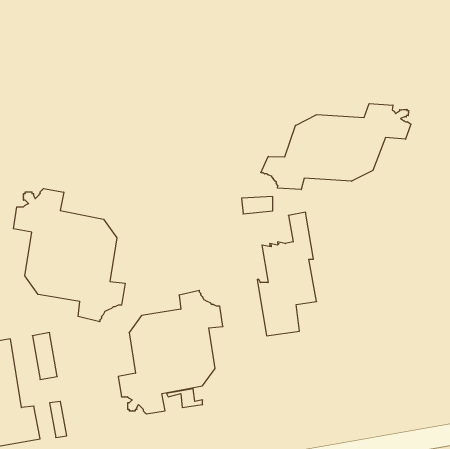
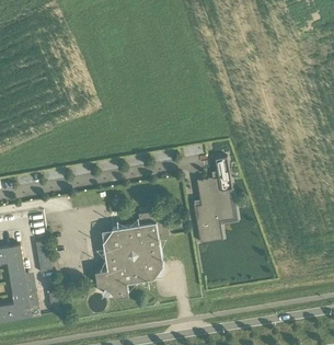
building: [261,104,411,190] -> none
building: [13,189,125,322] -> none

